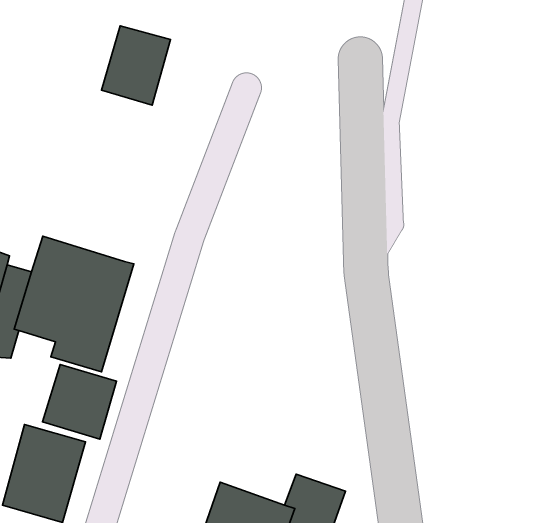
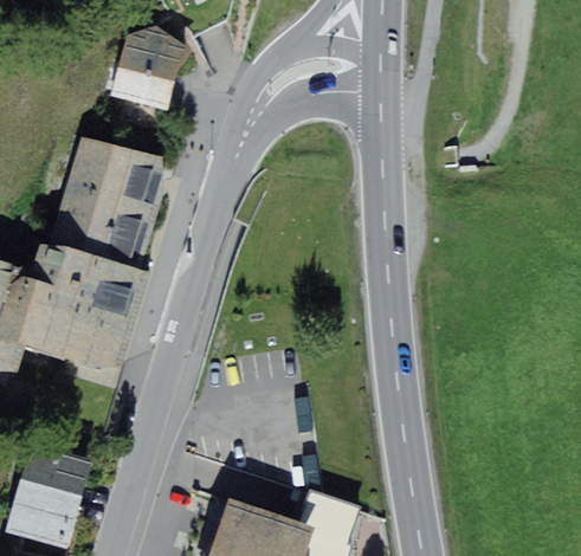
building: none -> [49,141,164,272]
building: [42,364,117,439] -> none

